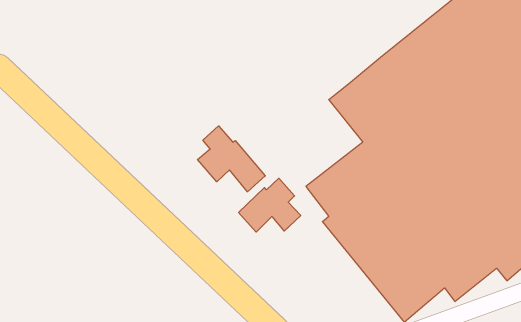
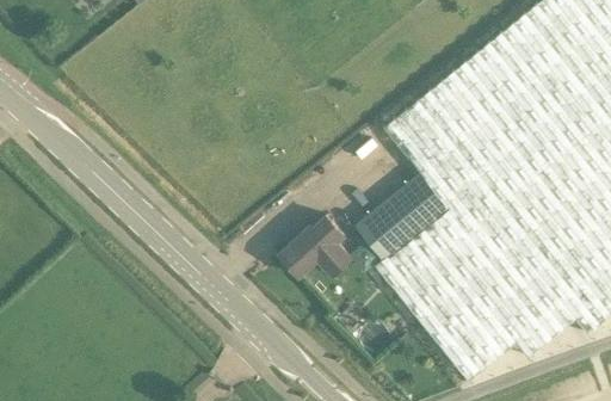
building: [198,126,265,192] -> none

